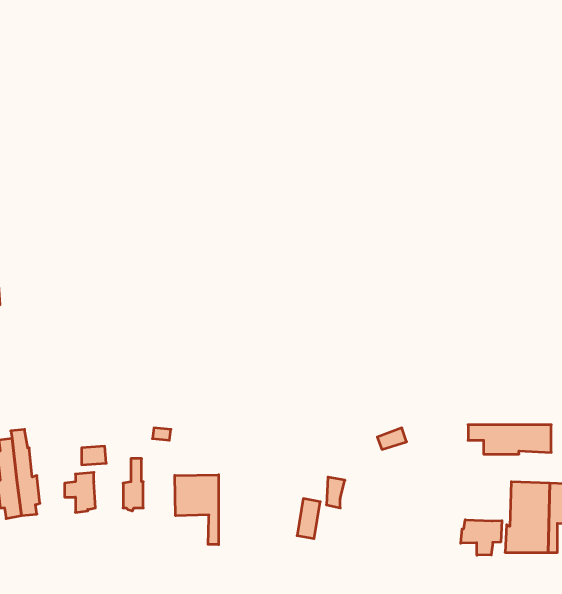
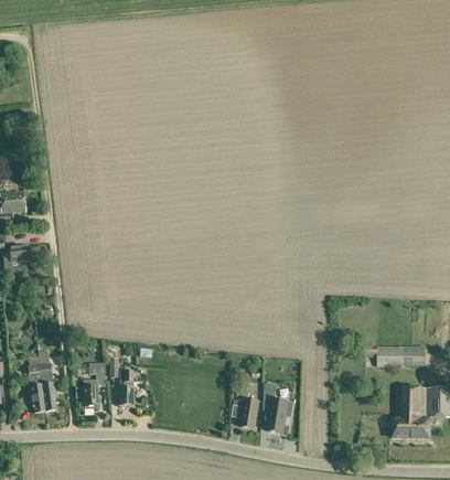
building: [175,475,219,545] -> none
building: none -> [268,398,292,433]
building: [461,520,502,555] -> none

